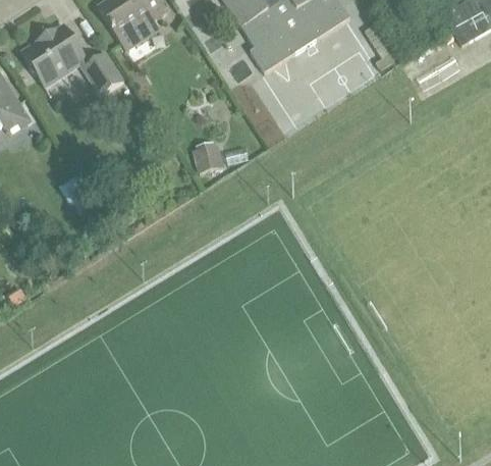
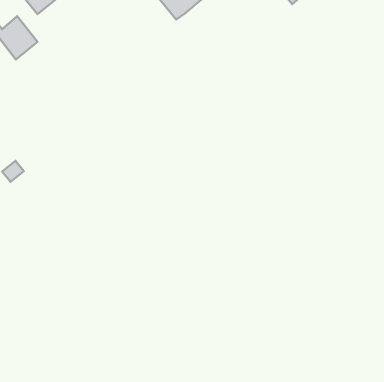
building: [195,145,223,171] -> none

